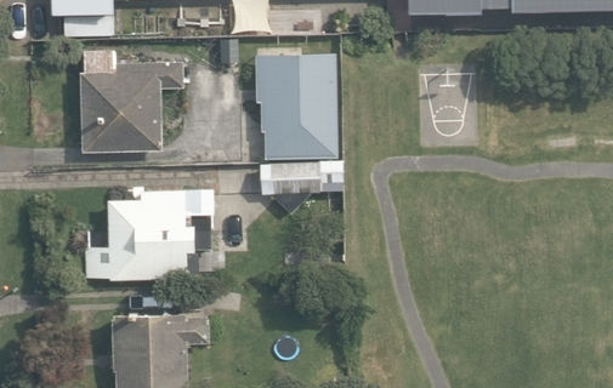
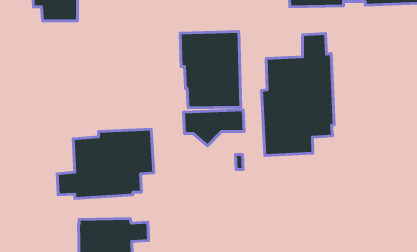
building: [80,48,183,152] -> none
building: none -> [262,33,334,155]

